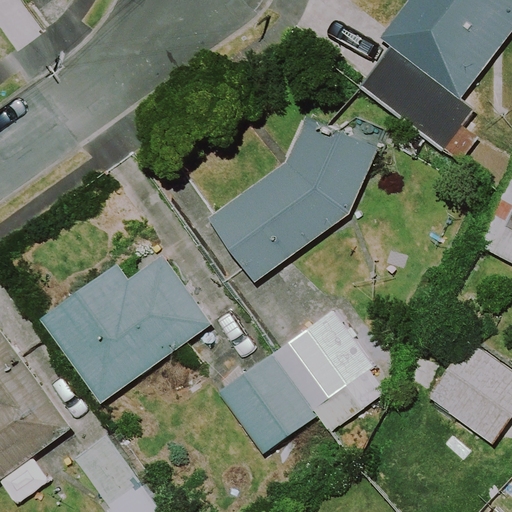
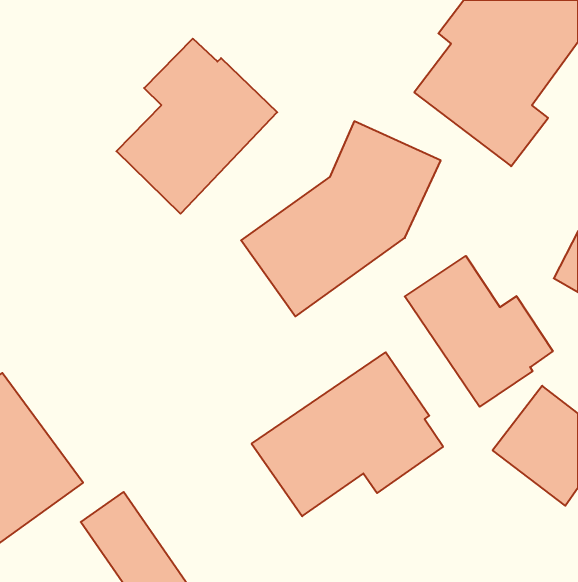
building: none -> [116,39,277,214]
building: none -> [405,256,553,407]
building: [41,253,214,402] -> none

